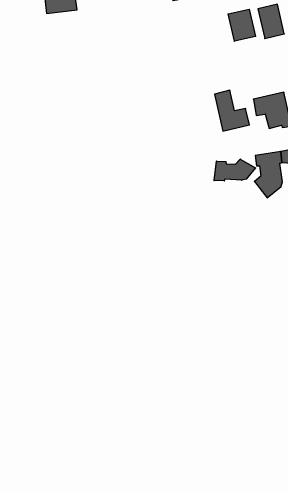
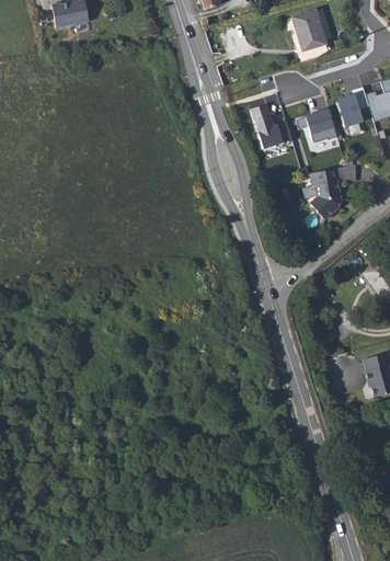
building: [228,9,256,41] -> none
building: [214,159,256,181] -> none

